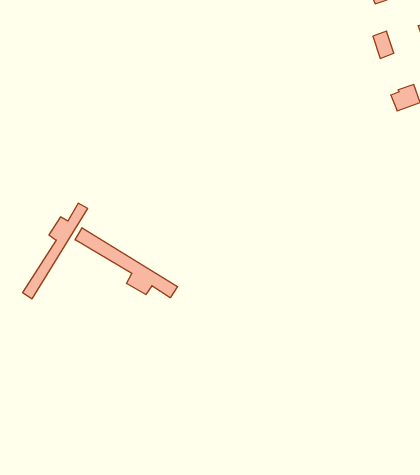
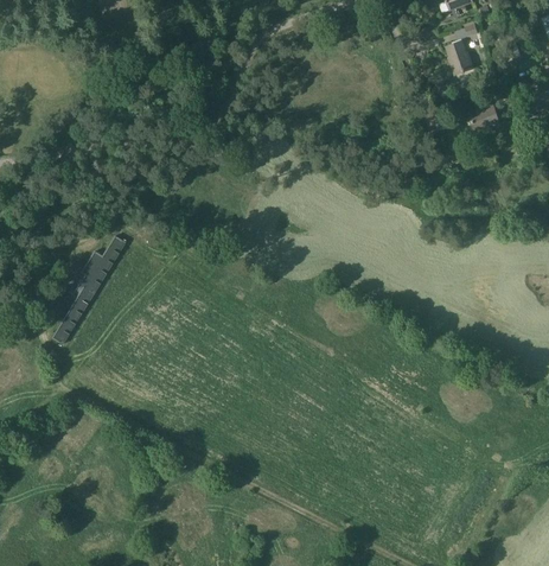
building: [75,228,178,298] -> none

